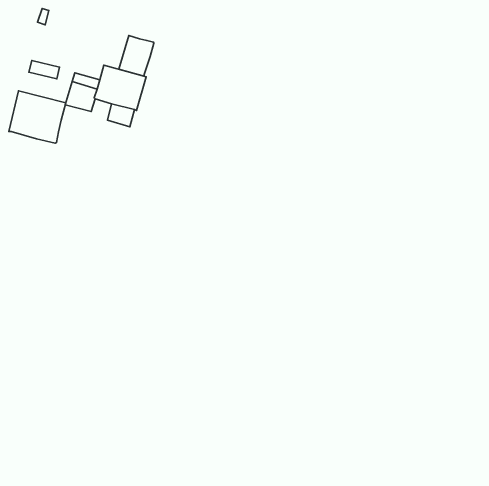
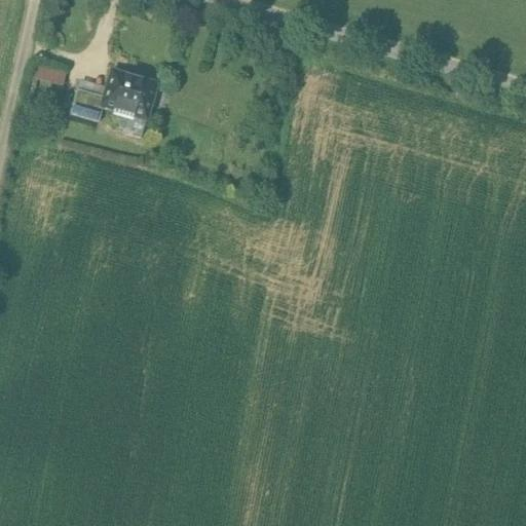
building: [119,35,154,76] -> none
building: [9,91,66,143] -> none

